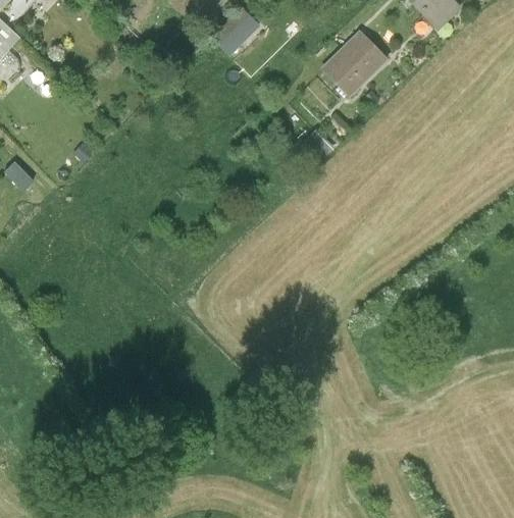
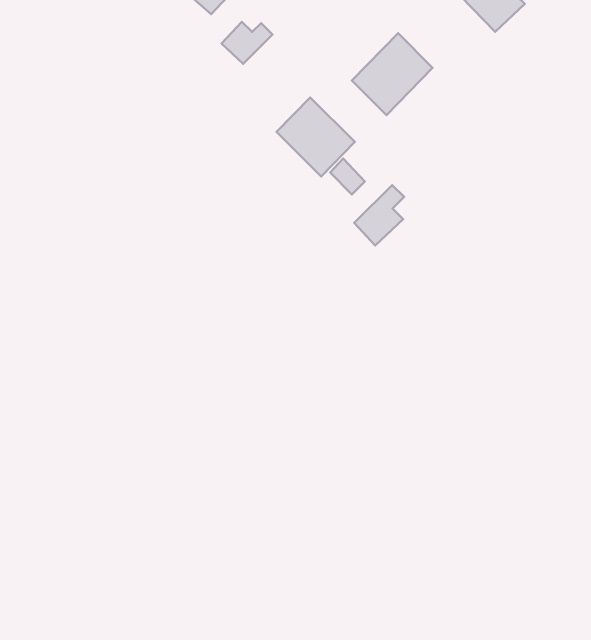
building: none -> [277,97,355,176]
building: none -> [354,185,404,246]

